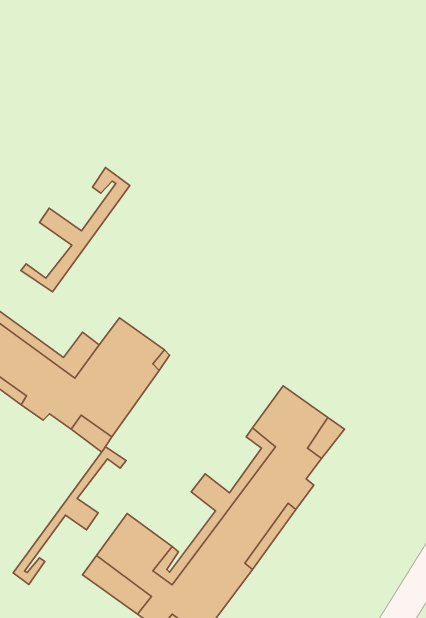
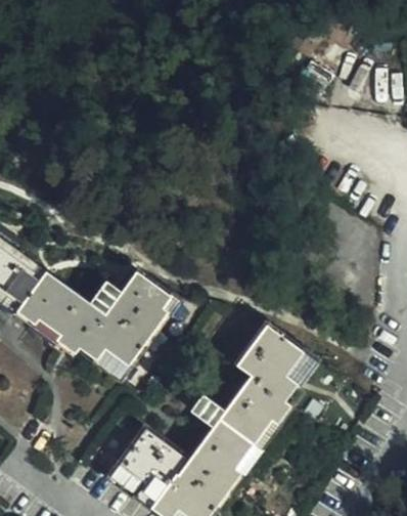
building: [21,167,130,292] -> none
building: [13,447,126,584] -> none

